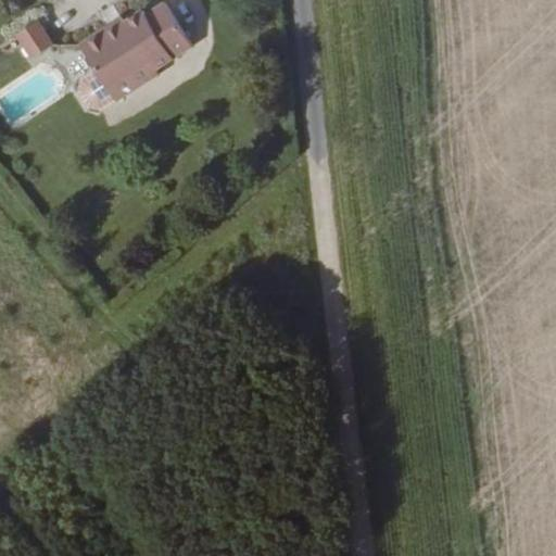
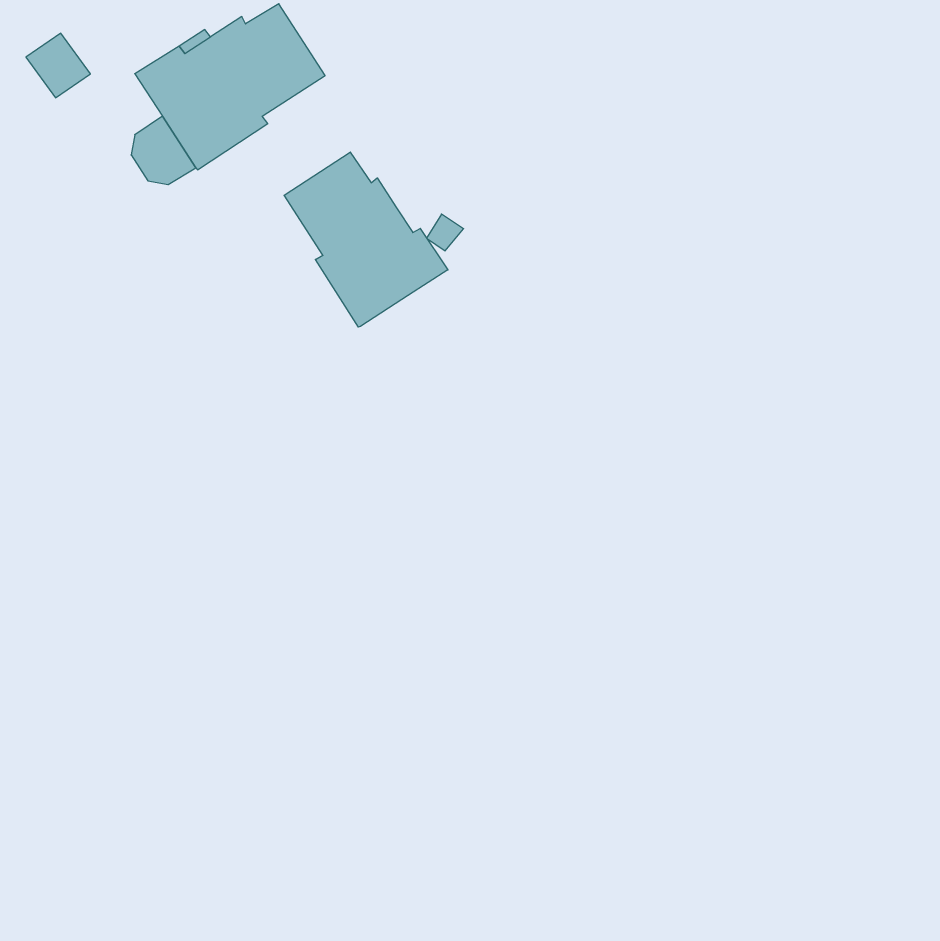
building: none -> [284,152,448,327]

